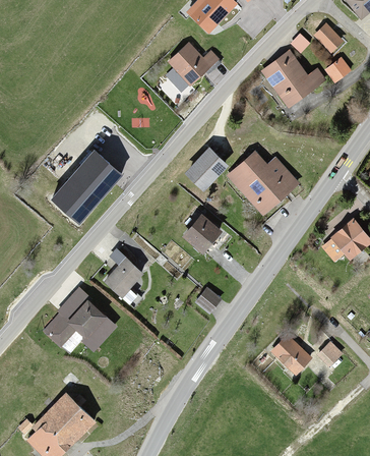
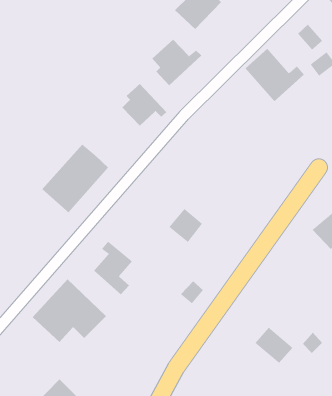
building: none -> [121,83,167,126]
building: [187,149,224,186] -> none
building: [227,154,295,215] -> none

